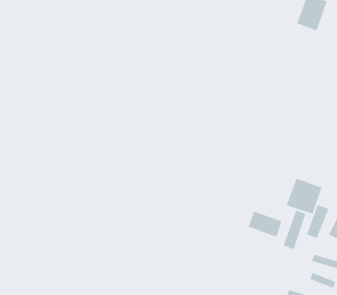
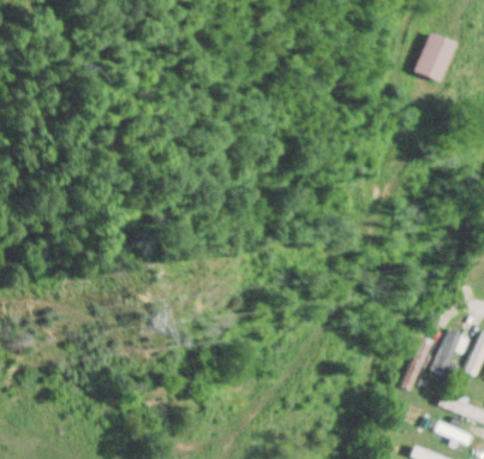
building: [286,178,322,215] -> none
building: [248,211,282,238] -> none

